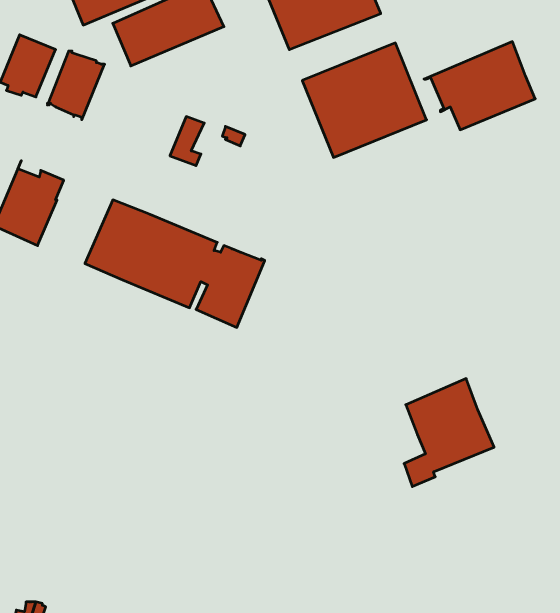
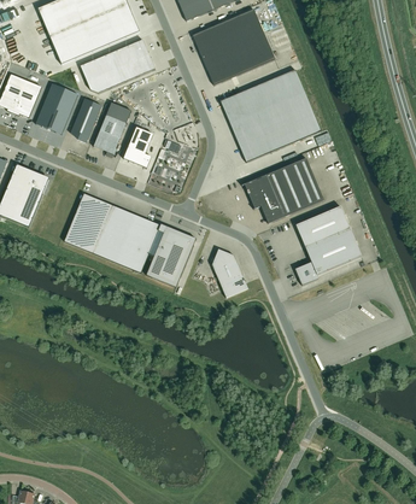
building: [424,42,535,130] -> [240,157,322,222]
building: none -> [70,98,100,142]
building: none -> [93,101,130,153]
building: none -> [211,248,247,297]
building: [404,379,494,487] -> [294,205,361,285]

